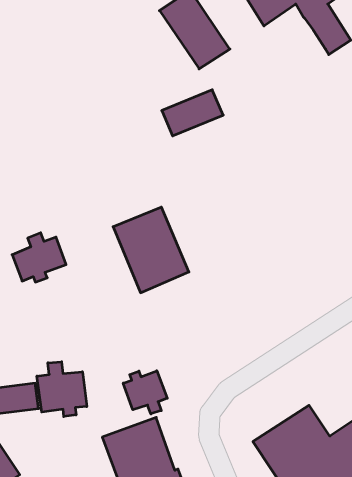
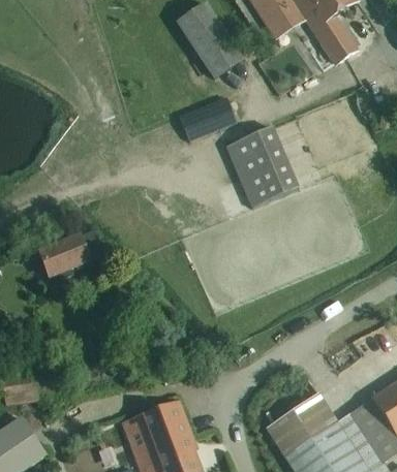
building: [113,207,189,293] -> [226,126,298,207]
building: [37,362,87,417] -> none
building: [123,371,167,414] -> none

